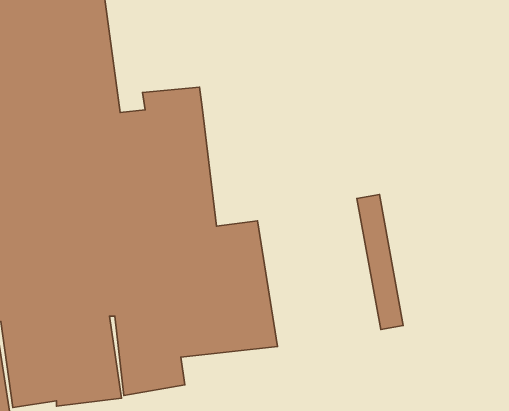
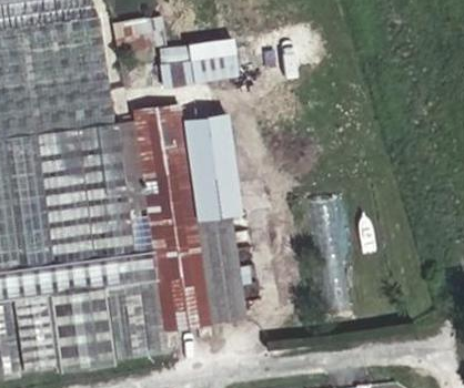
building: none -> [162,35,236,79]
building: none -> [181,109,240,216]

